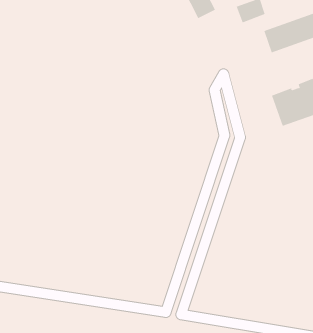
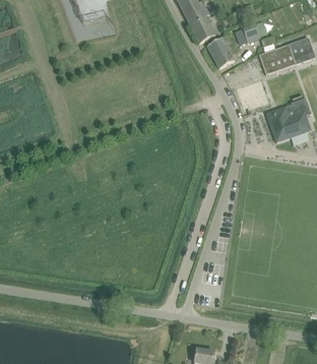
building: none -> [207,37,235,68]

